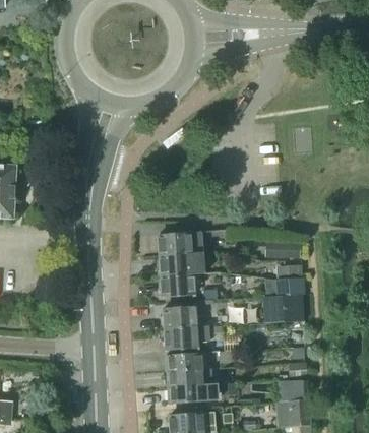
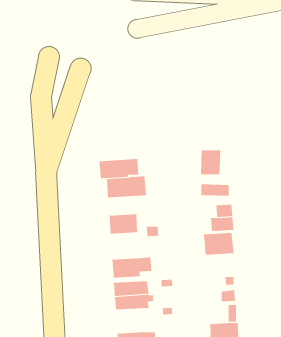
building: none -> [200,149,221,175]
building: [158,253,204,276] -> [99,159,139,179]
building: [162,305,195,327] -> none
building: [167,383,217,404] -> none

